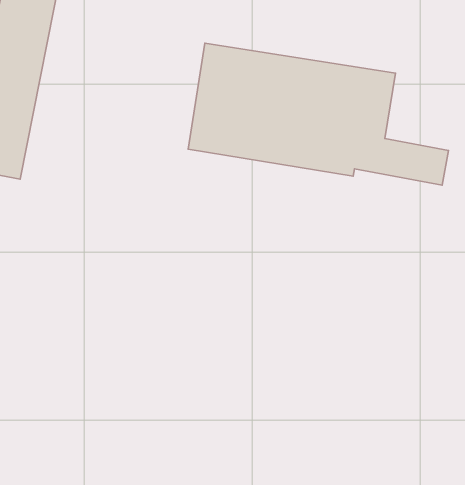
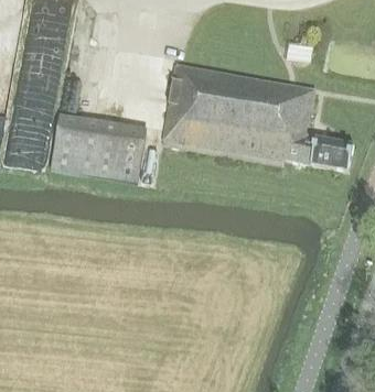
building: none -> [50,117,146,184]

